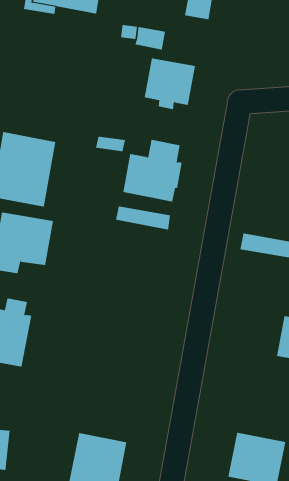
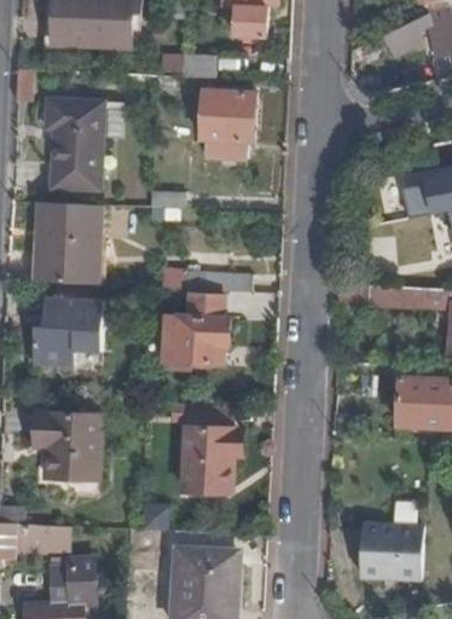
building: none -> [46,98,104,190]
building: [122,139,182,202] -> [163,294,230,365]
building: none -> [170,404,232,493]

